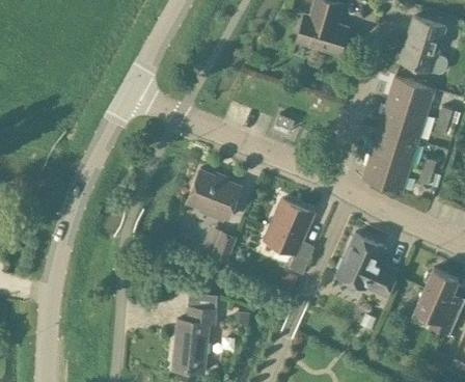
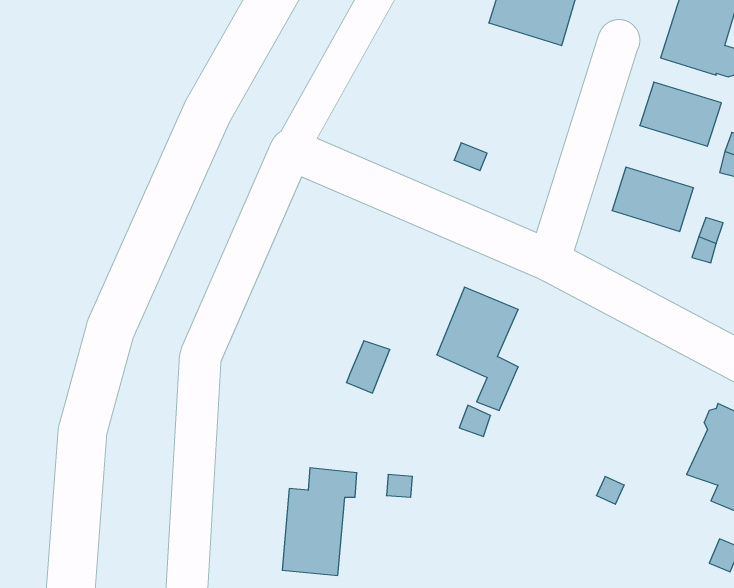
building: [378,103,427,140] -> none
building: [361,154,410,192] -> none
building: [187,169,242,220] -> none
building: [336,234,398,295] -> none

